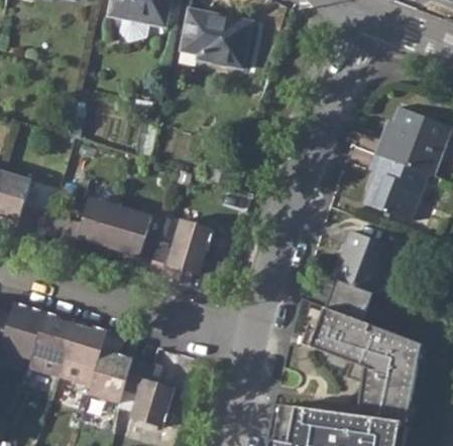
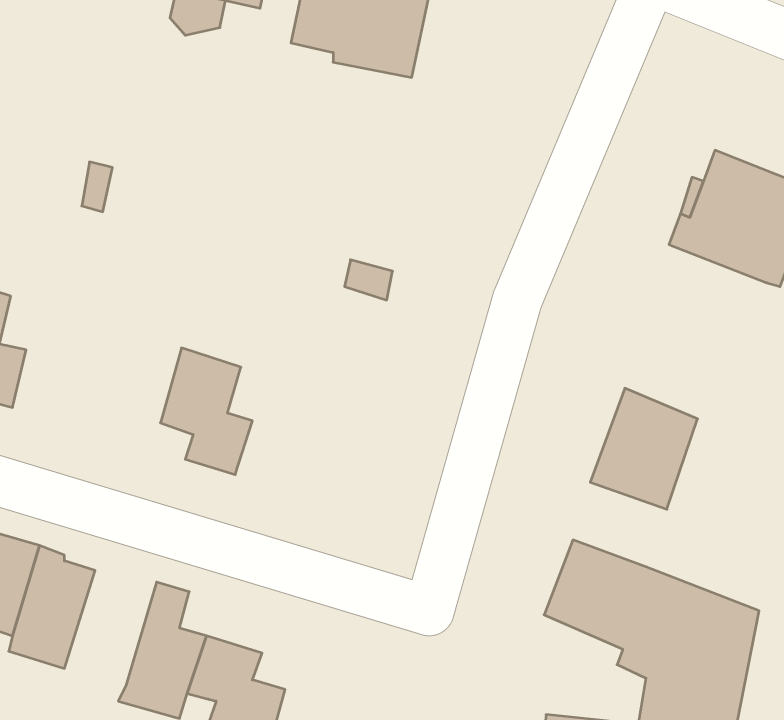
building: [363,153,427,219] -> none
building: [59,198,119,256] -> none
building: [147,218,212,283] -> none
building: [325,279,375,322] -> none
building: [58,324,106,385] -> none

